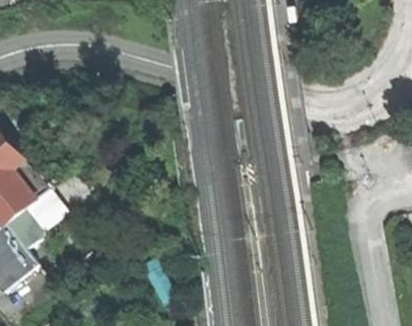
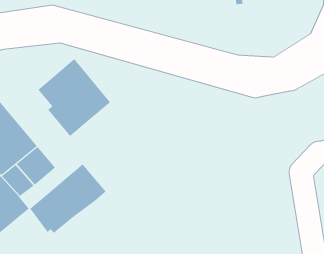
building: none -> [37,58,111,137]
building: none -> [29,163,106,234]

